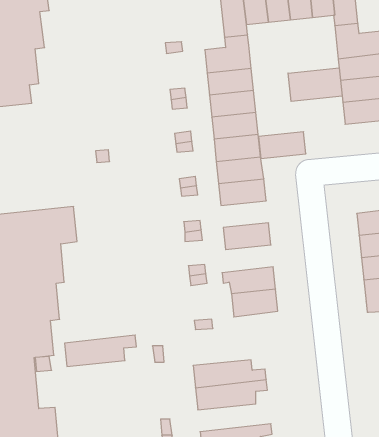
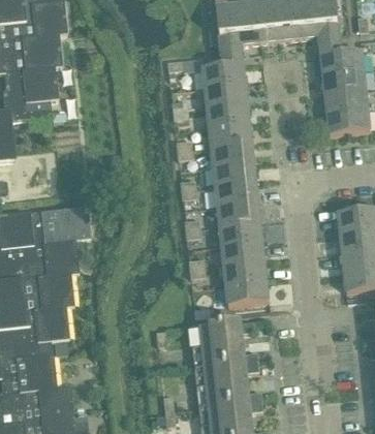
building: [288,68,342,101] -> none
building: [258,132,306,158] -> [217,200,259,224]
building: none -> [218,240,263,265]
building: [65,335,136,366] -> [190,319,254,347]
building: none -> [196,381,261,406]

